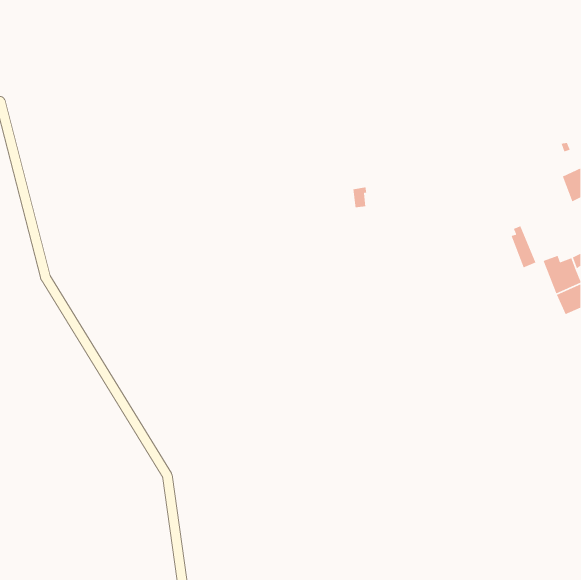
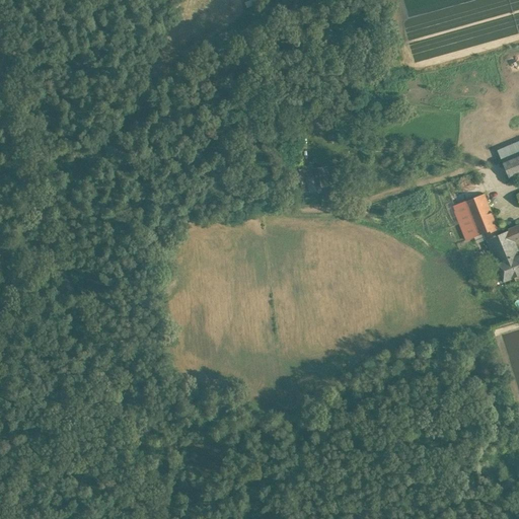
building: none -> [464,193,498,234]

